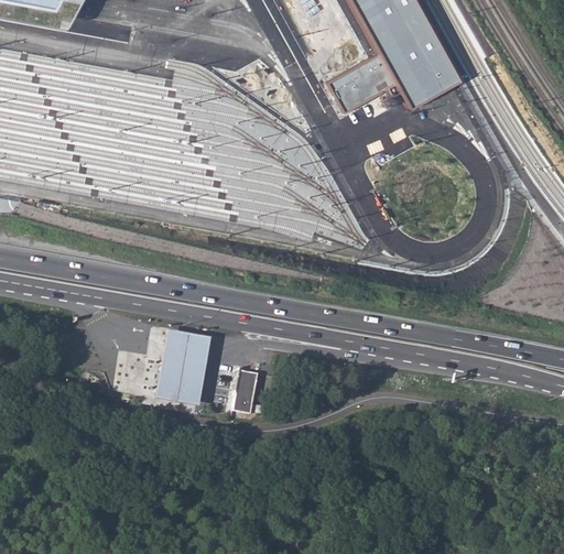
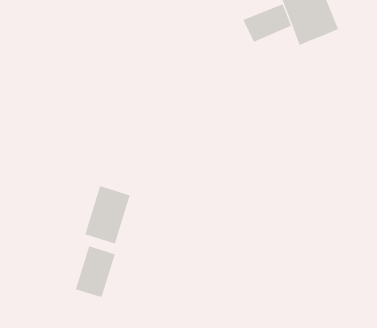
building: [234,367,259,412] -> none
building: none -> [75,246,115,298]

